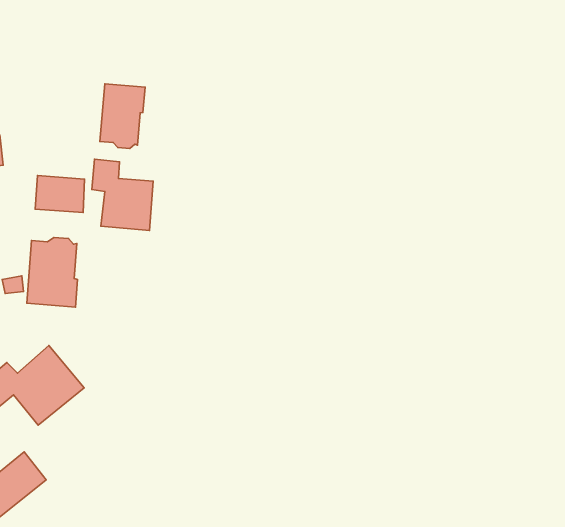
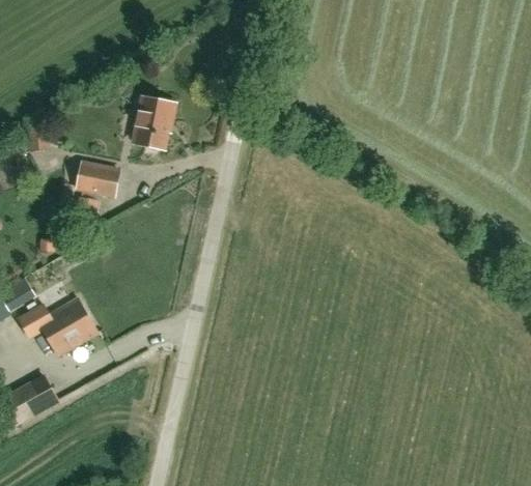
building: [92,159,153,231] -> none
building: [27,237,77,307] -> none

